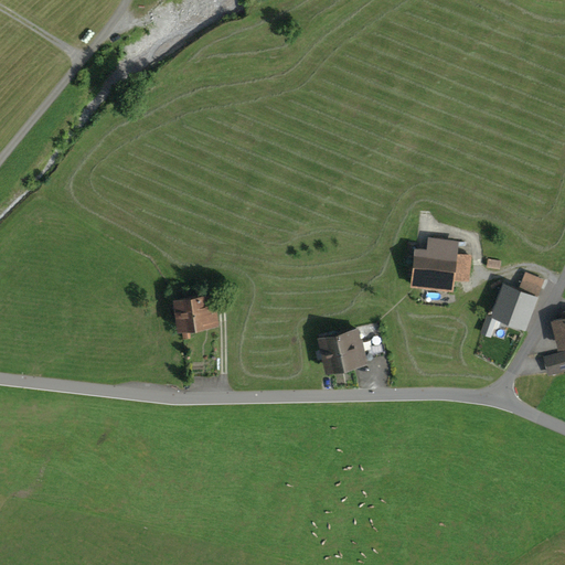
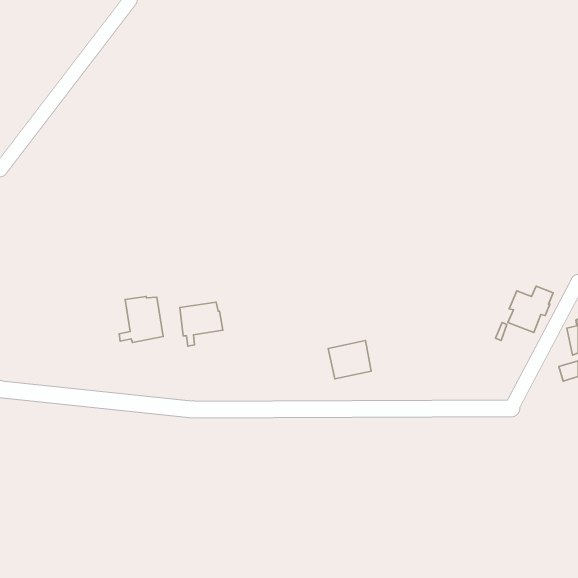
building: [412,241,470,289] -> none
building: none -> [119,297,163,342]

